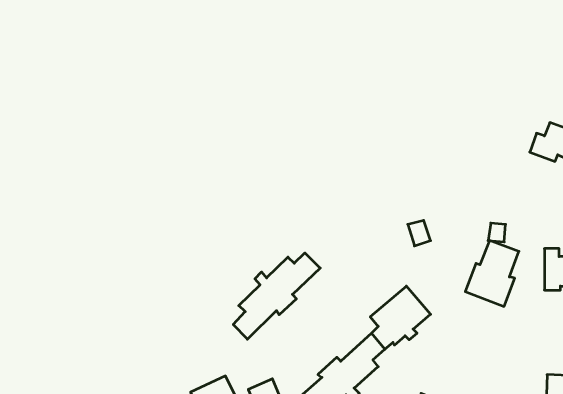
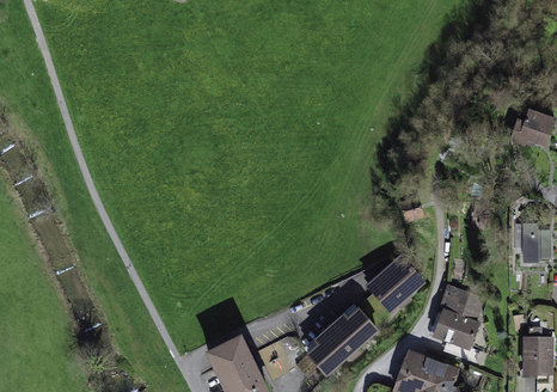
building: [465,241,519,306] -> [434,289,482,348]
building: [233,253,320,339] -> none

